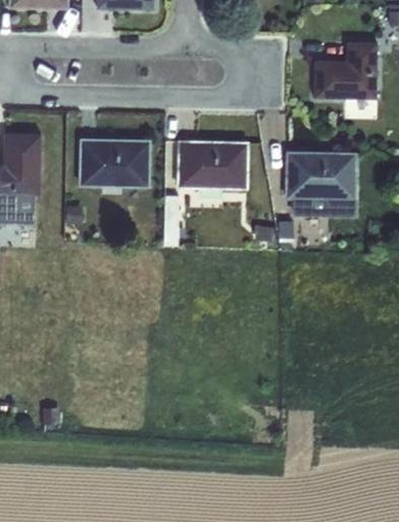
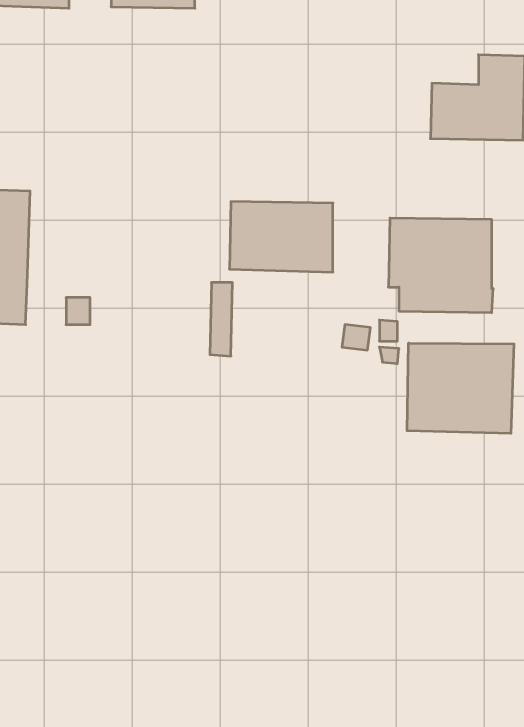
building: [79,139,149,187] -> none
building: none -> [407,343,514,433]

